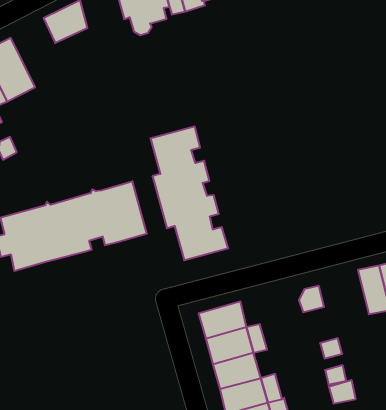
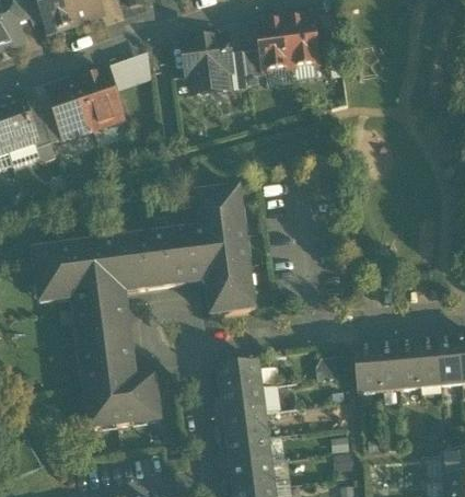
building: none -> [77,69,123,129]
building: none -> [173,230,199,284]
building: none -> [73,292,160,428]
building: none -> [353,347,380,393]

